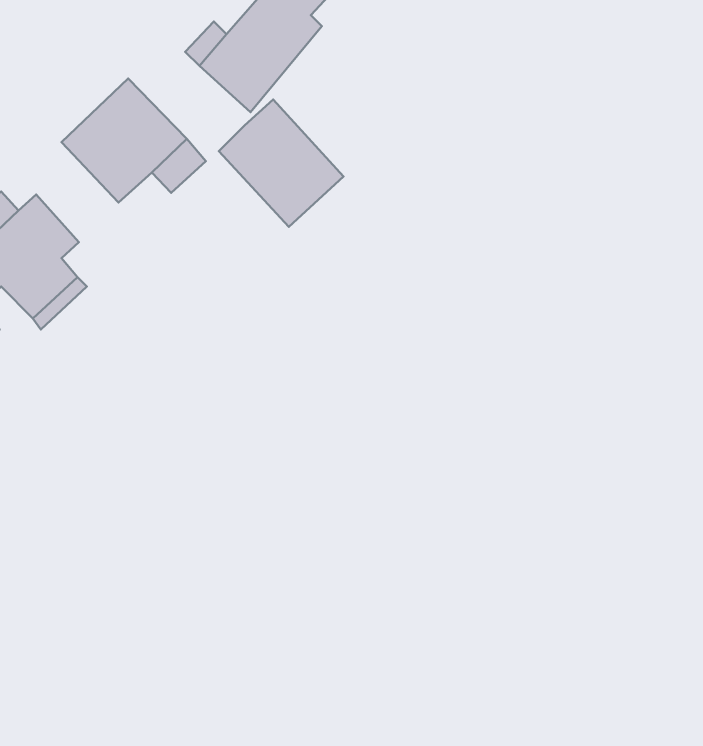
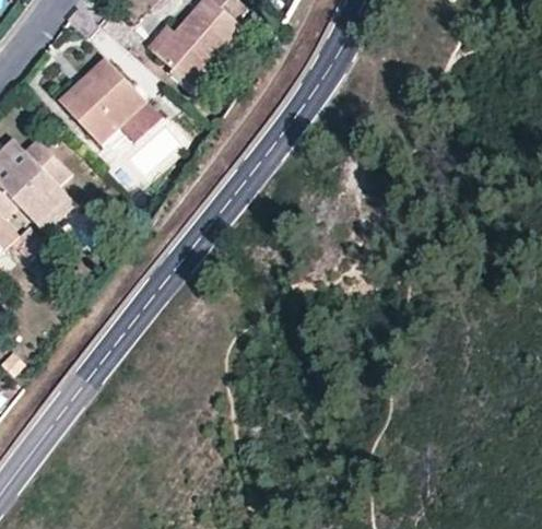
building: [219,99,343,227] -> none

